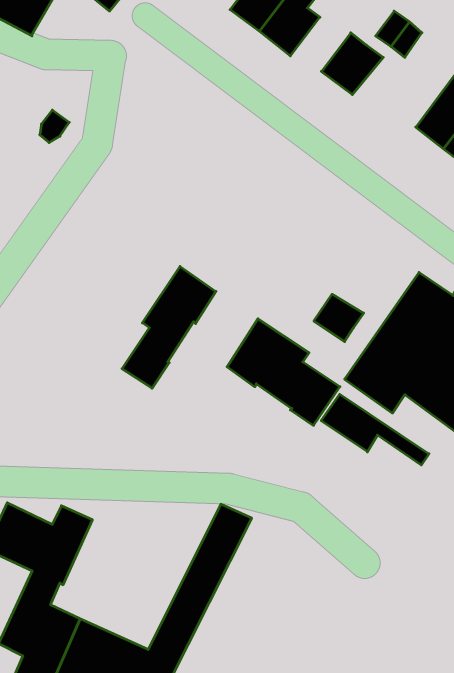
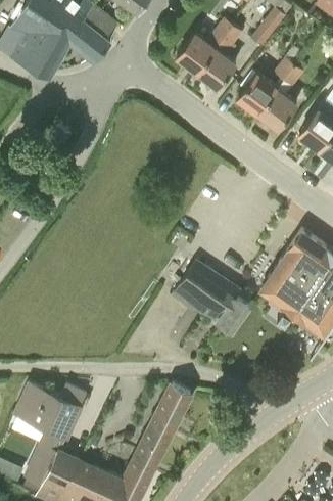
building: none -> [257,89,297,129]
building: [122,266,216,388] -> none
building: [314,294,364,342] -> none
building: [321,394,429,465] -> none

